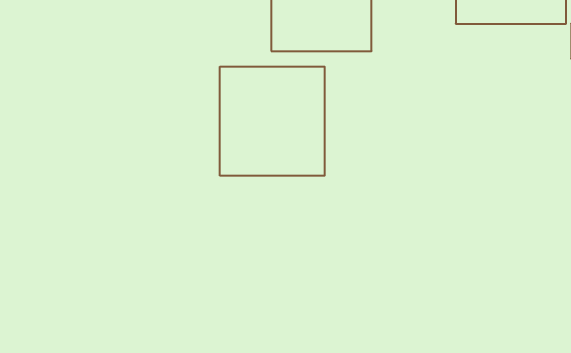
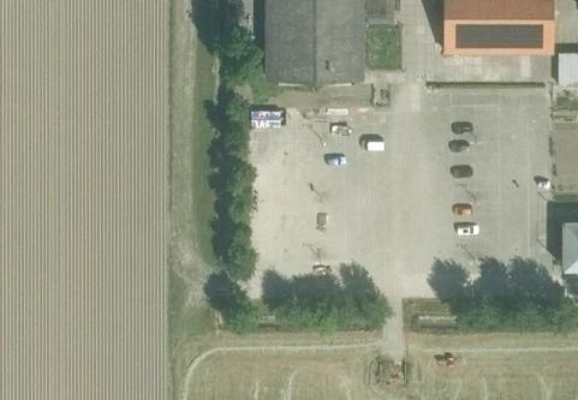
building: [220,67,325,176] -> none

